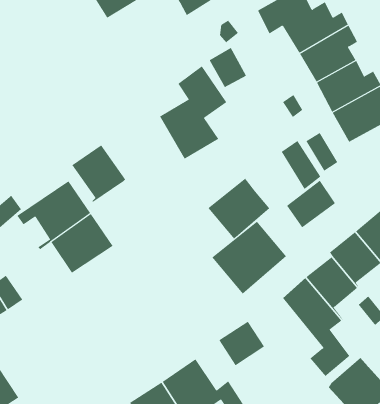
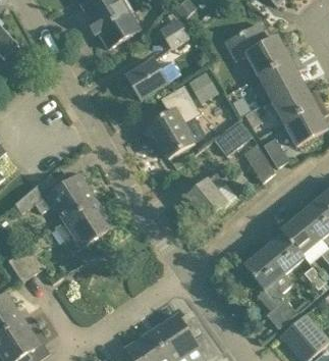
building: none -> [126,61,179,100]
building: [71,145,126,203] -> none
building: [286,180,336,228] -> [214,118,253,156]
building: [212,221,287,295] -> none
building: [219,321,265,366] -> none

